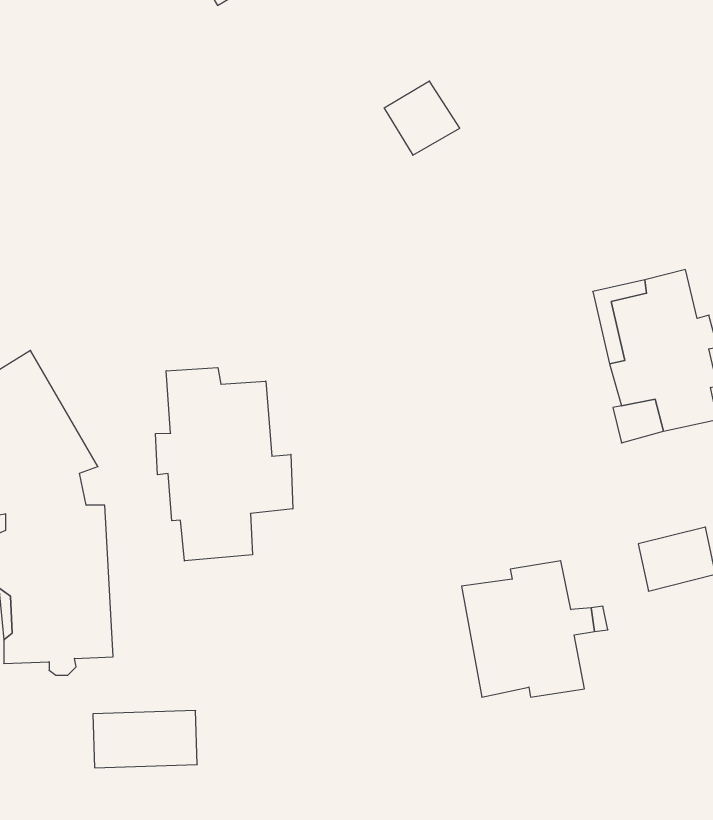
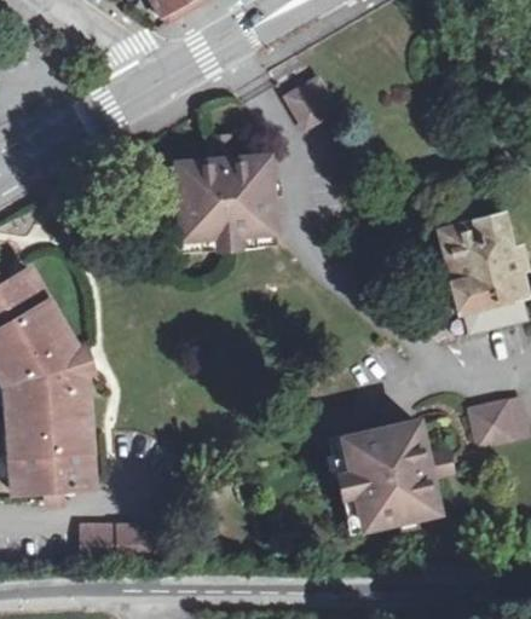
building: none -> [165,145,272,237]
building: [155,368,293,561] -> none

